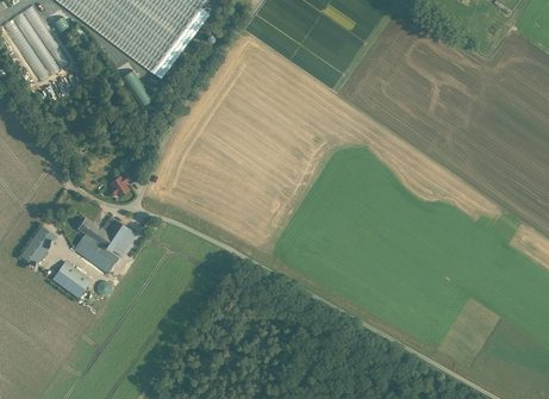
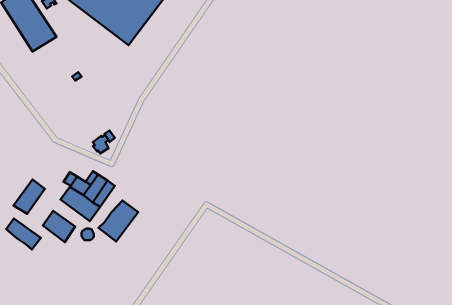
building: none -> [98,201,138,242]
building: none -> [6,218,41,250]

